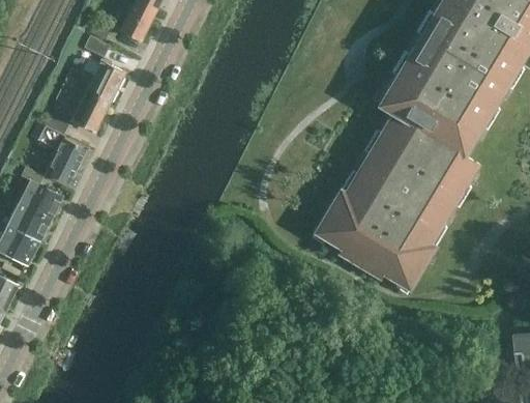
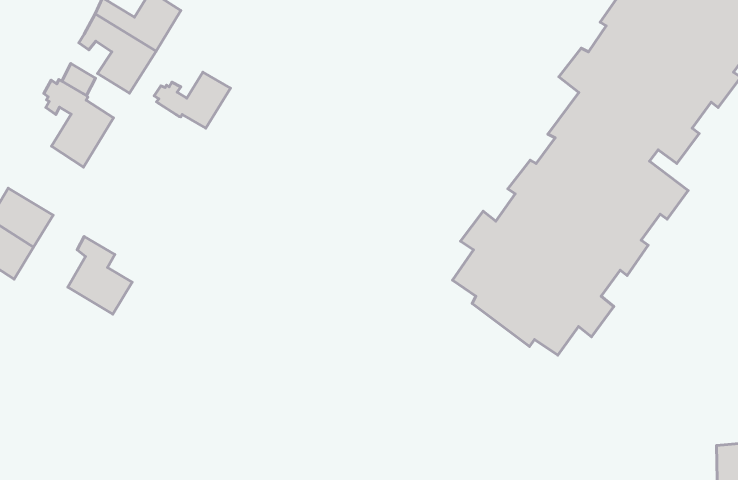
building: none -> [154,72,230,128]
building: [18,168,61,219] -> [68,237,132,314]

